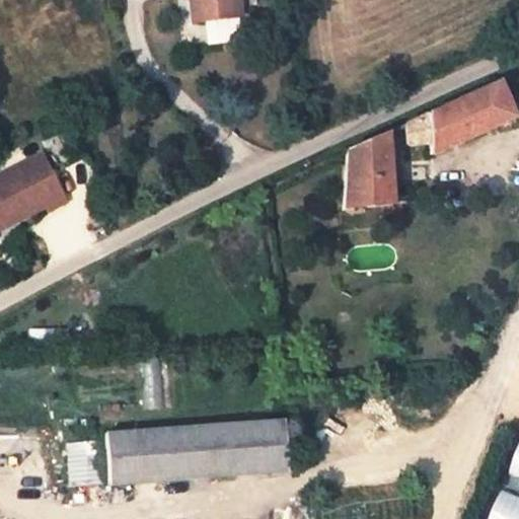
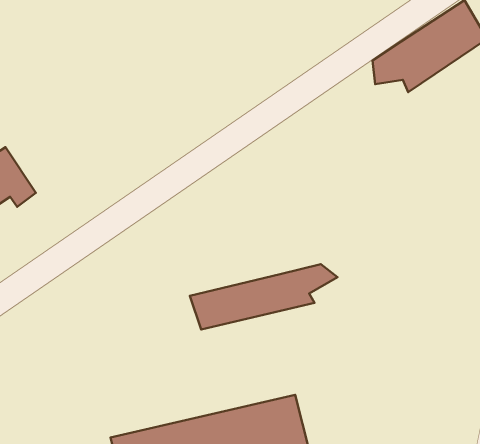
building: [347,128,391,208] -> none
building: none -> [190,264,337,330]

